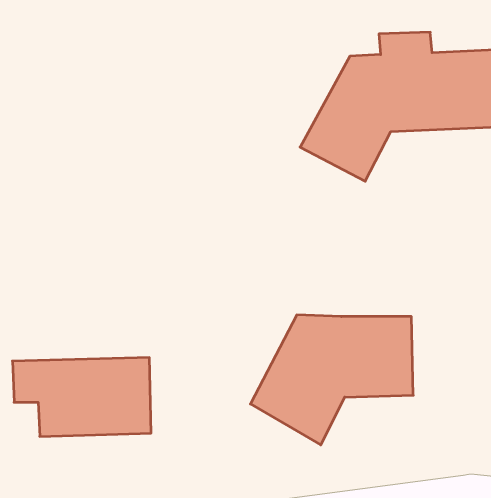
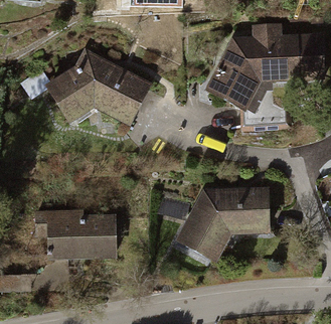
building: none -> [42,49,153,123]

